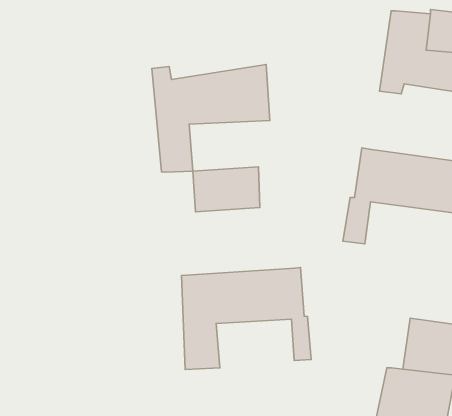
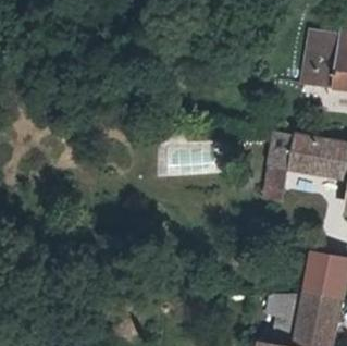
building: [152,64,270,172] -> none
building: [181,267,311,370] -> none

